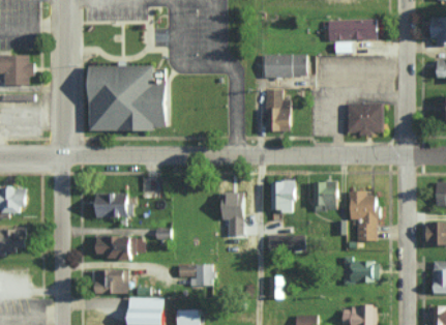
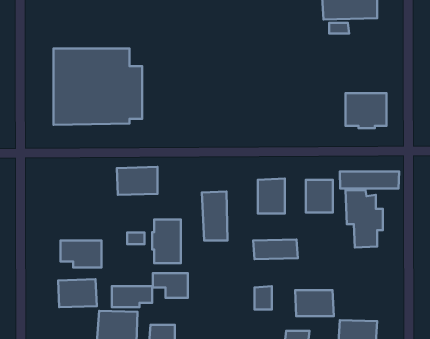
building: [263,55,306,78] -> none
building: [265,90,290,131] -> none
building: none -> [340,172,399,189]
building: [93,194,129,218] -> [117,167,158,195]
building: none -> [152,220,181,263]
building: [341,261,376,284] -> [295,290,334,316]
building: none -> [112,286,152,307]

